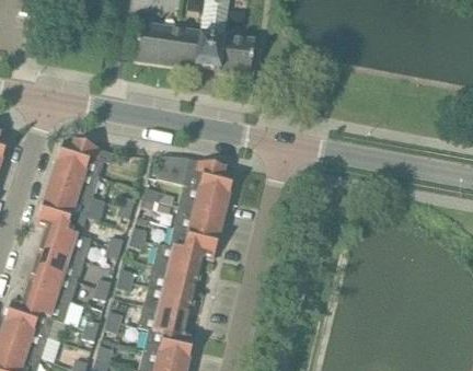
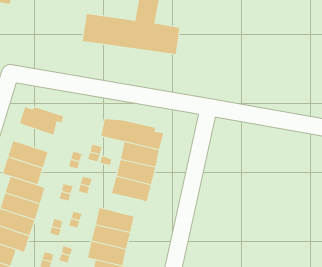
building: [48,162,99,197] -> none
building: [153,245,203,276] -> none

